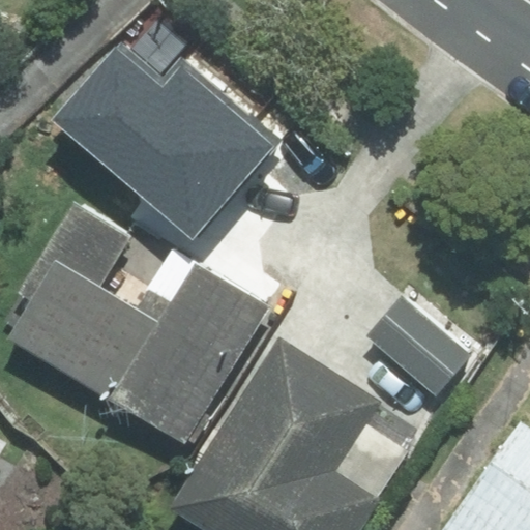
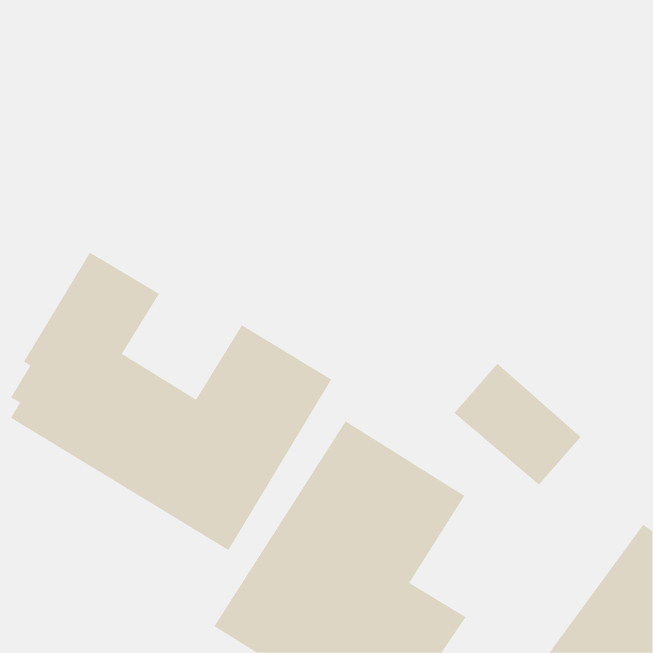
building: [56,45,275,237] -> none

